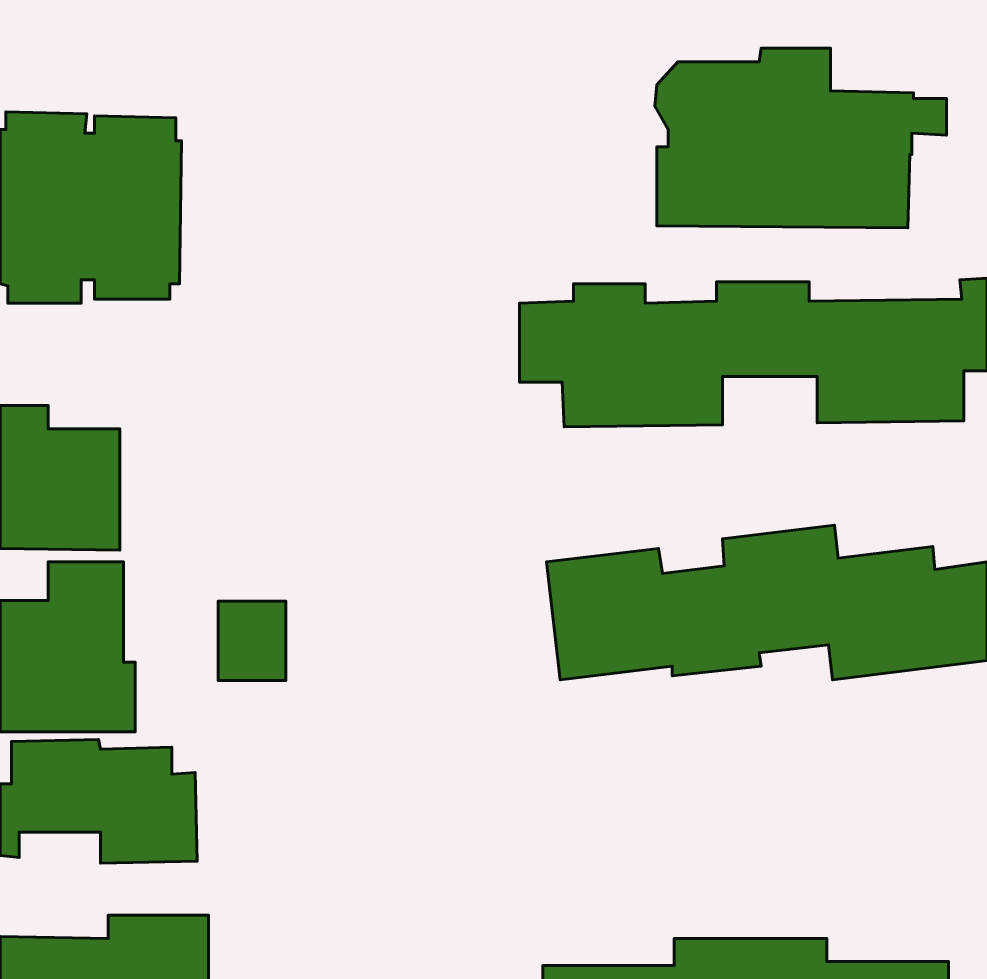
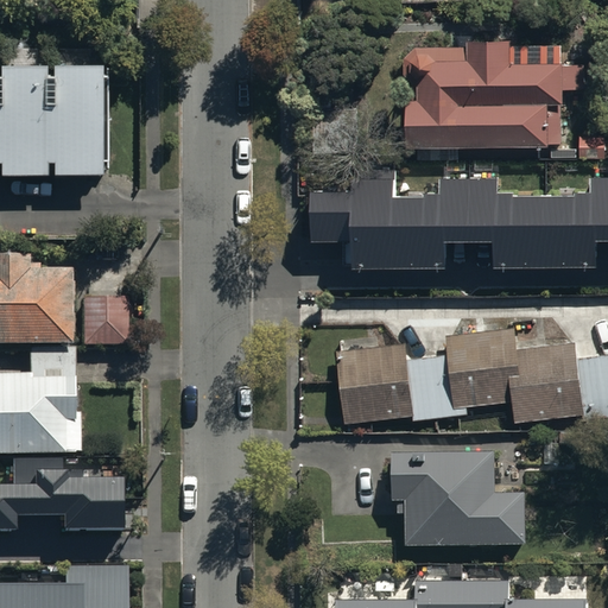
building: [218,601,286,680] -> [84,298,126,347]
building: none -> [390,451,525,547]

